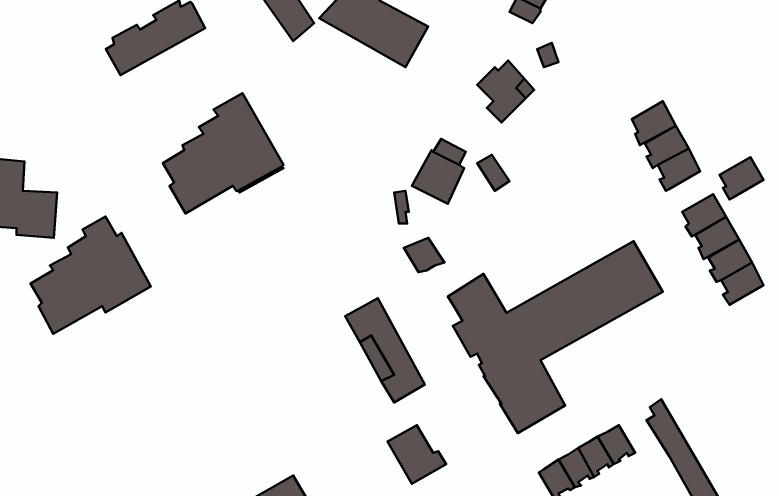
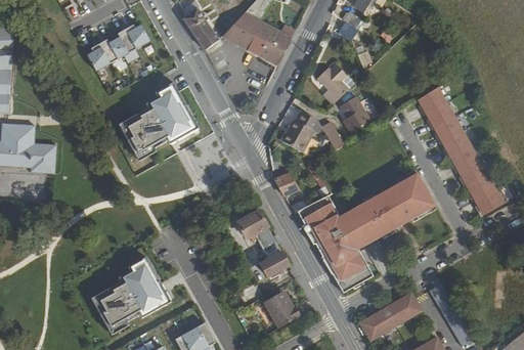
building: none -> [341,93,372,130]
building: [720,157,764,199] -> [441,130,469,157]
building: [30,217,151,334] -> [96,256,172,330]

